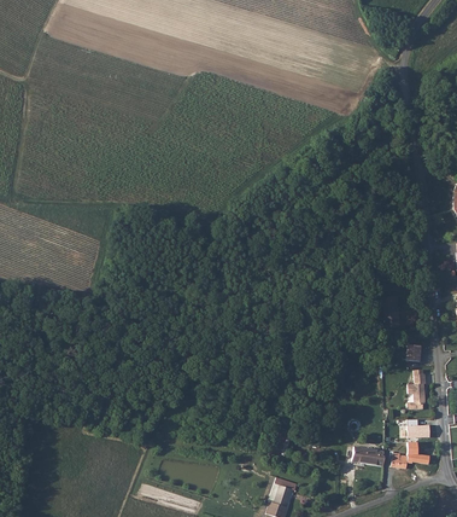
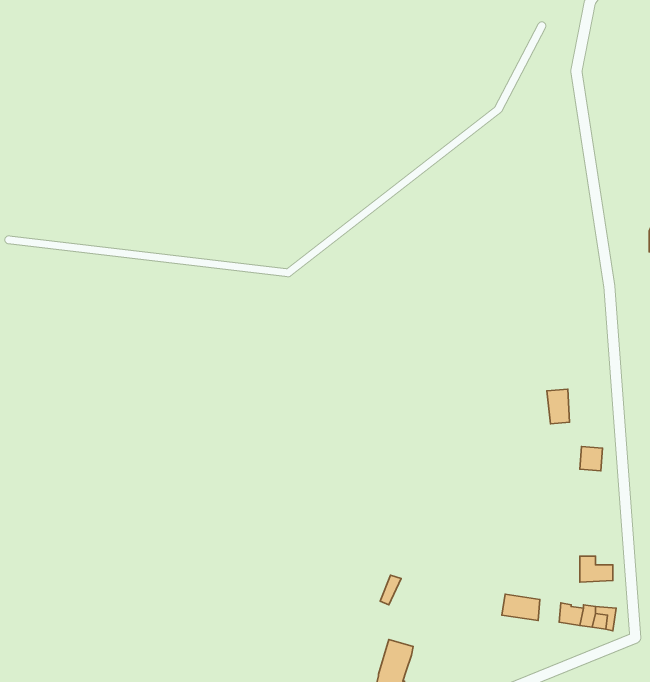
building: [406,368,426,409] -> none

